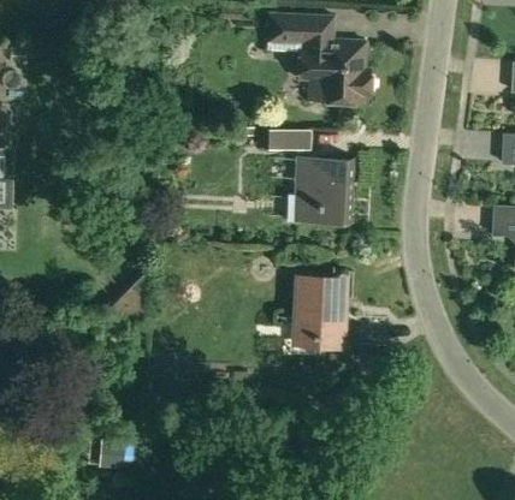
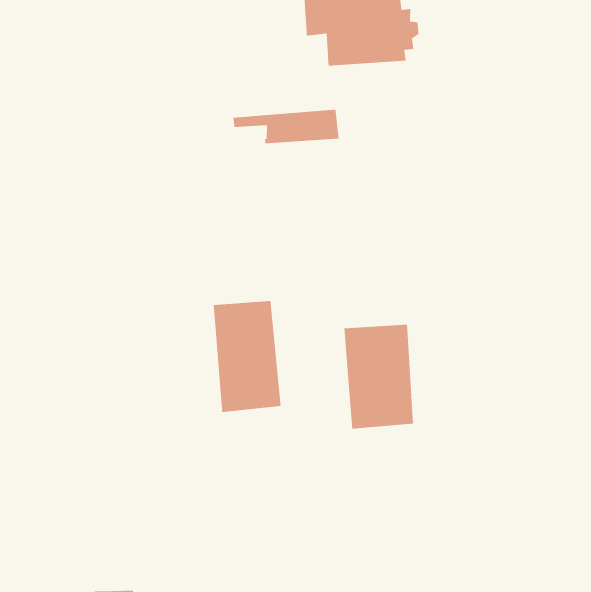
building: [296,157,356,221] -> none
building: none -> [213,300,281,413]

